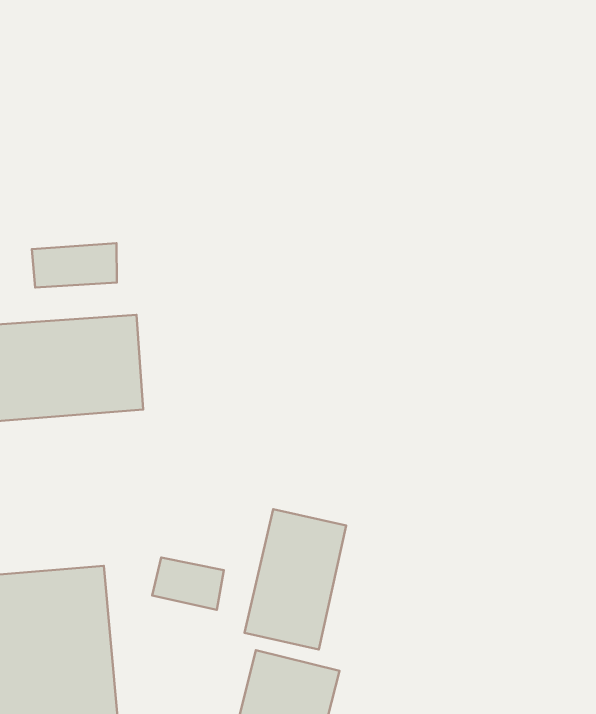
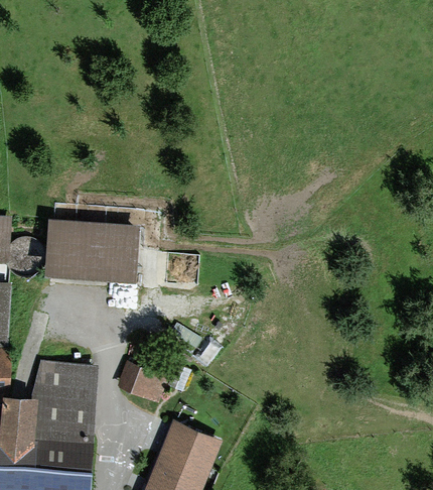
building: [32,243,117,287] -> none
building: [244,509,346,649] -> none

